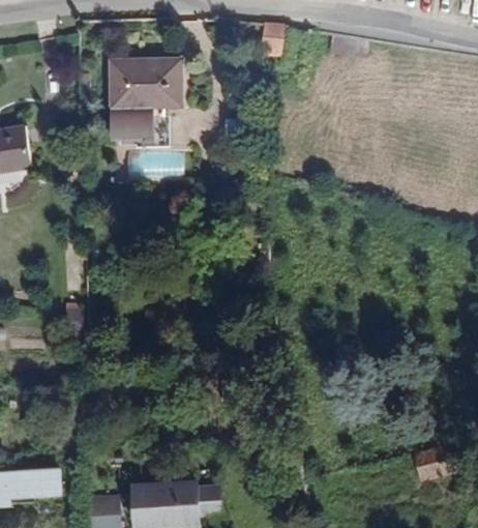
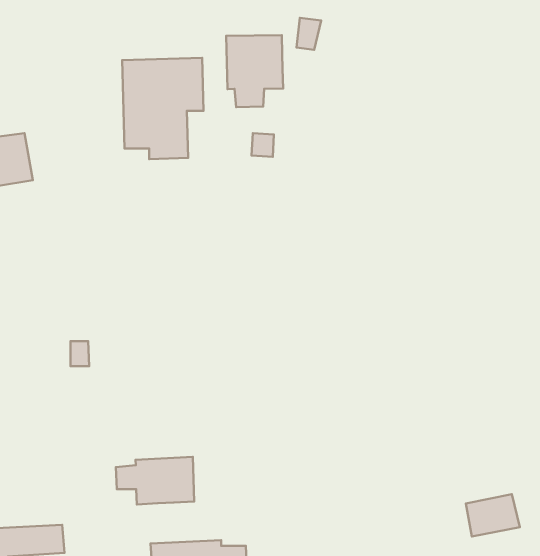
building: none -> [226,35,283,107]
building: none -> [116,457,194,504]

